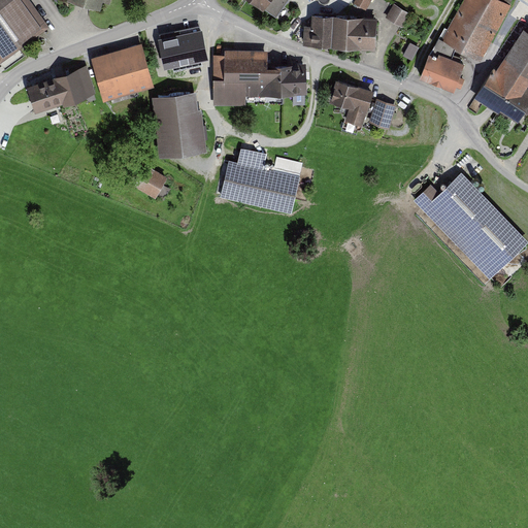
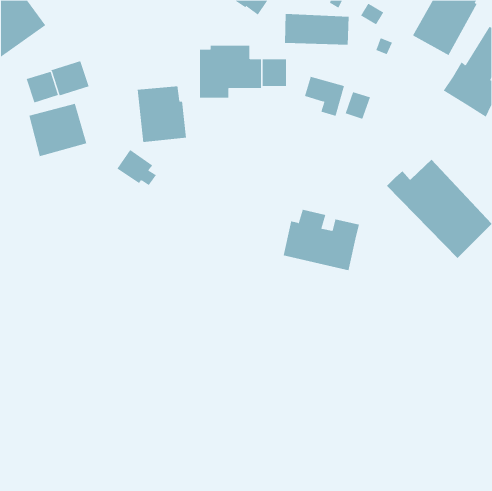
building: [159,29,208,68] -> none
building: [92,43,155,101] -> [28,103,87,157]
building: [420,53,465,91] -> none
building: [221,147,303,213] -> [283,209,360,271]

